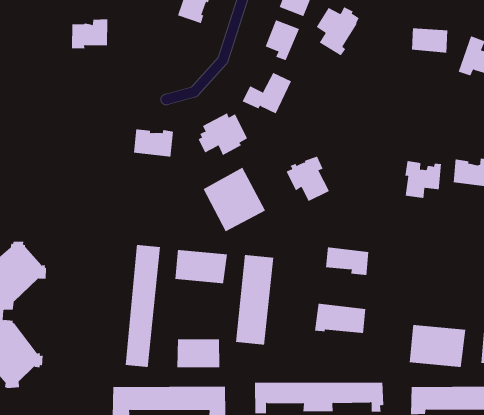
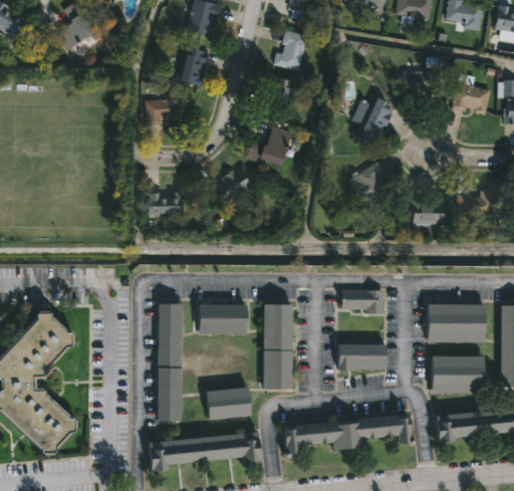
building: [316,6,359,56] -> [352,97,394,146]
building: [71,19,108,49] -> [146,92,183,125]
building: [286,156,330,202] -> [349,162,394,207]
building: [203,167,266,232] -> none
building: none -> [428,304,484,342]

